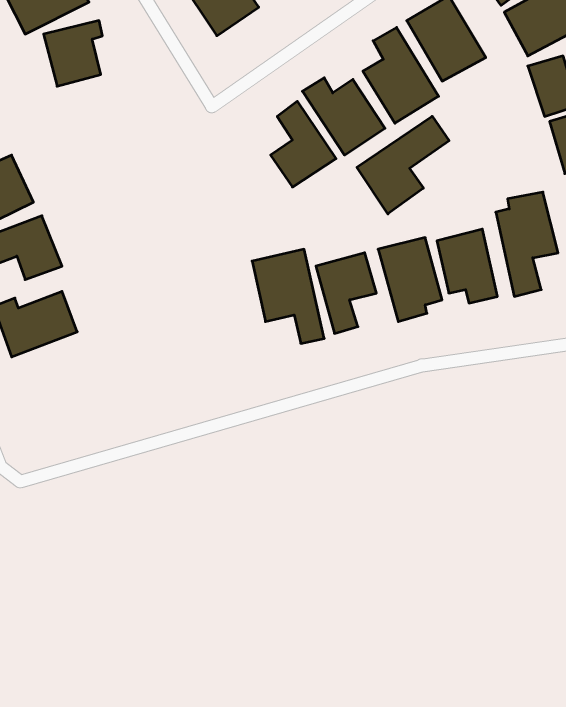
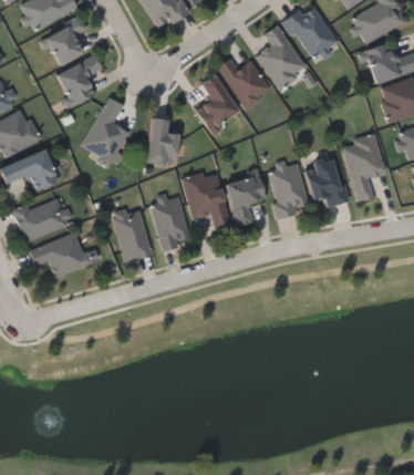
building: none -> [56,54,102,105]
building: [357,116,449,214] -> none
building: none -> [80,96,128,164]
building: none -> [146,117,179,165]
building: none -> [152,195,189,250]
building: none -> [113,206,152,261]
building: none -> [30,233,100,277]

